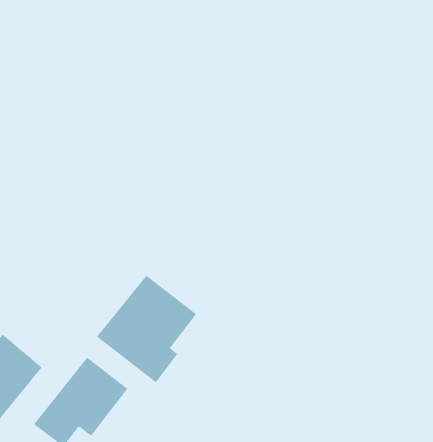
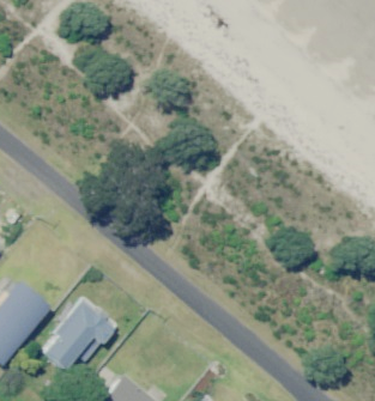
building: [96,275,197,383] -> none

